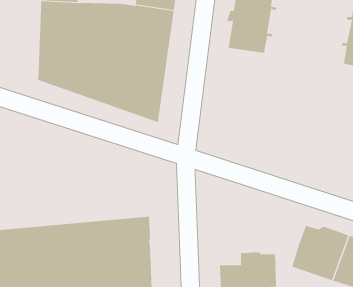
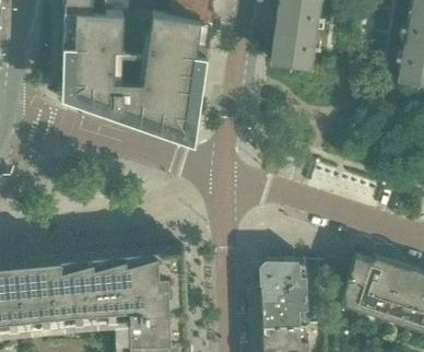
building: none -> [258,259,321,300]

